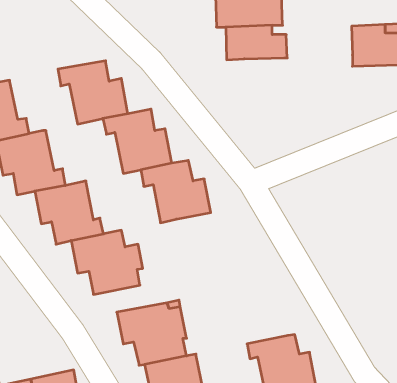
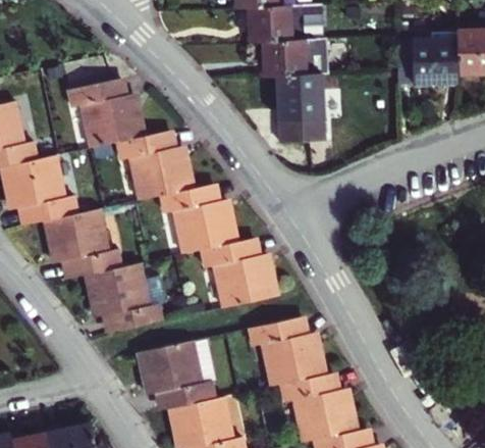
building: none -> [276,74,323,143]
building: none -> [202,240,277,311]
building: none -> [249,321,324,389]

